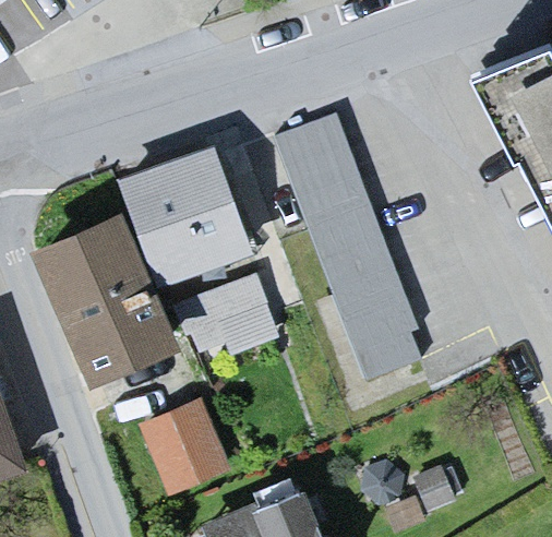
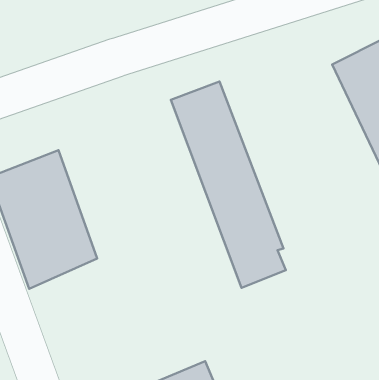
building: [118,148,274,359] -> none
building: [146,393,244,491] -> none

